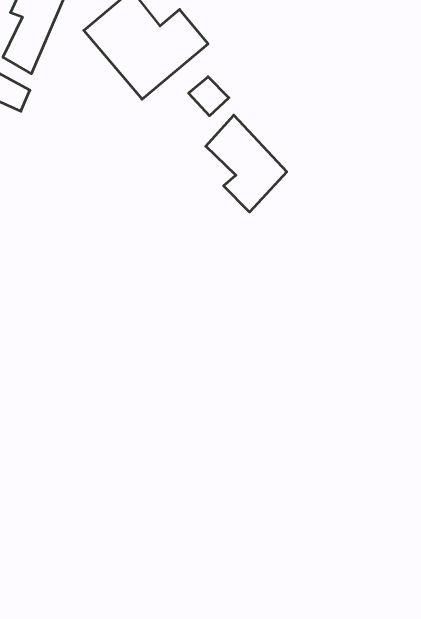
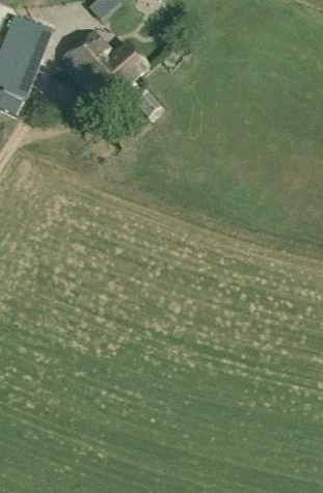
building: [206,115,287,212] -> none

